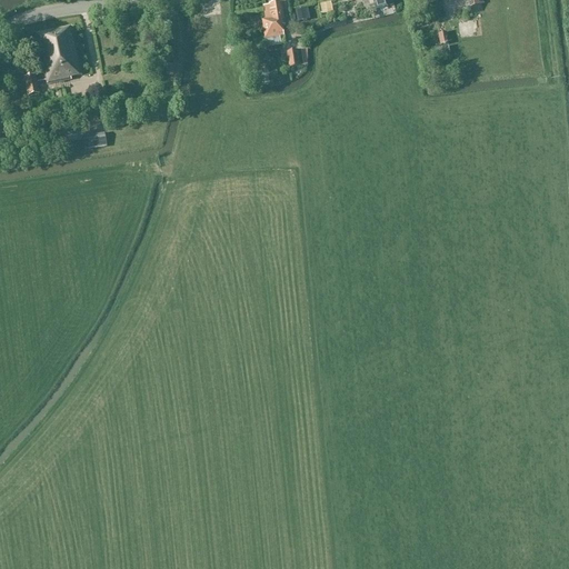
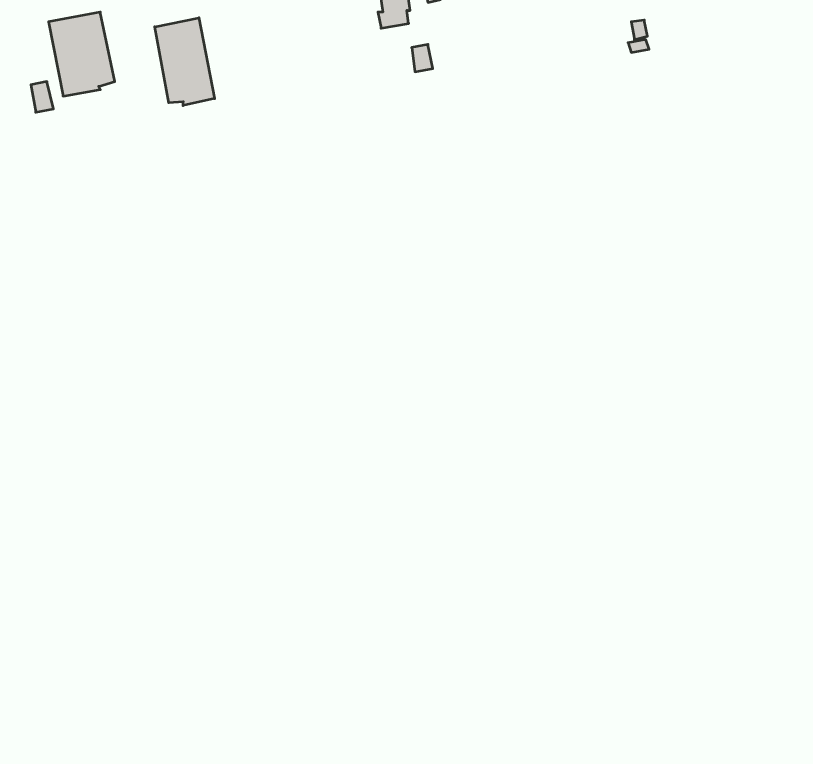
building: none -> [155,18,215,106]

